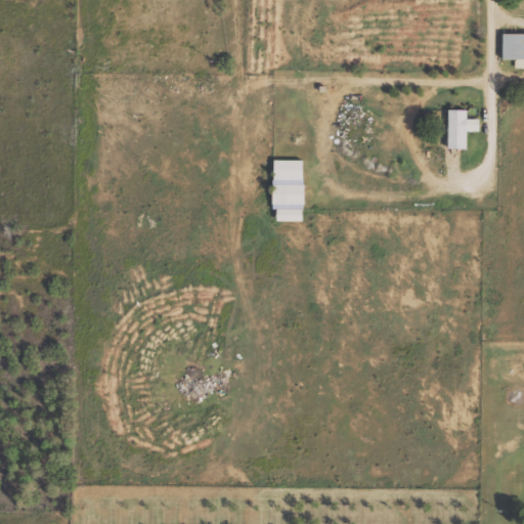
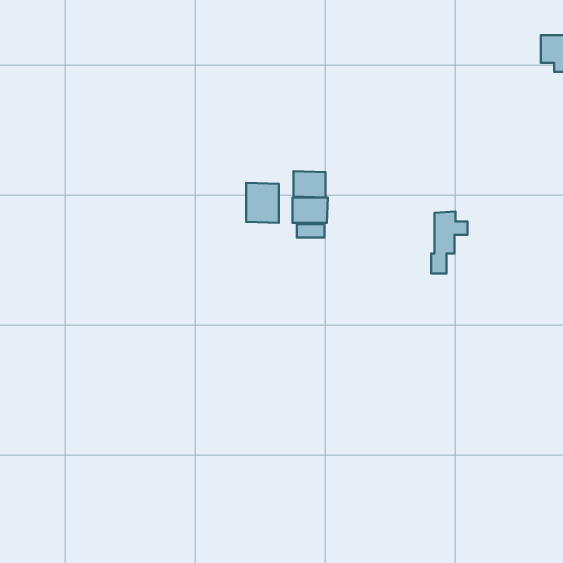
building: [444,108,478,166] -> [431,212,468,273]
building: none -> [246,183,279,223]

